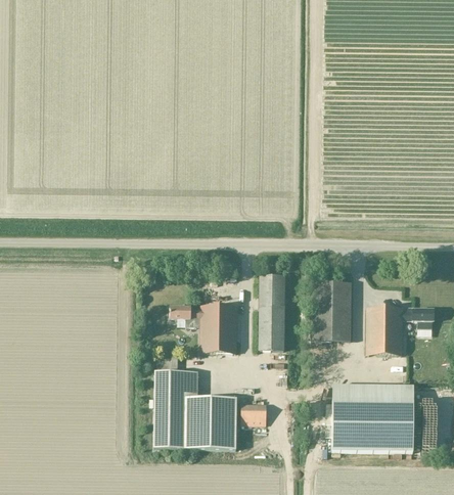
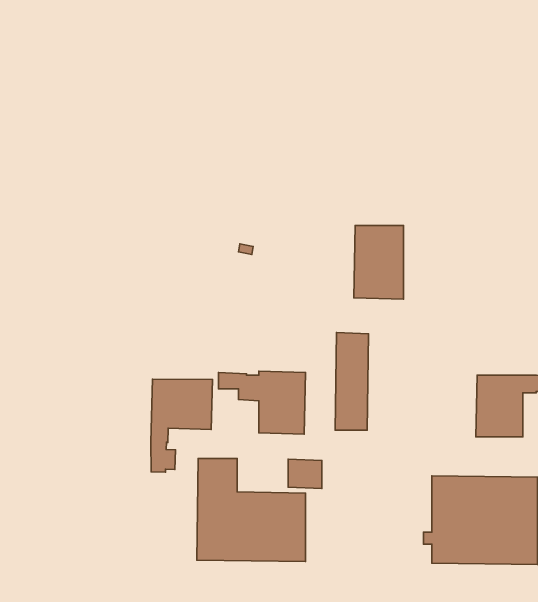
building: [313,283,351,340] -> [354,225,403,299]
building: none -> [151,379,213,472]
building: [240,402,266,424] -> [288,459,322,489]

